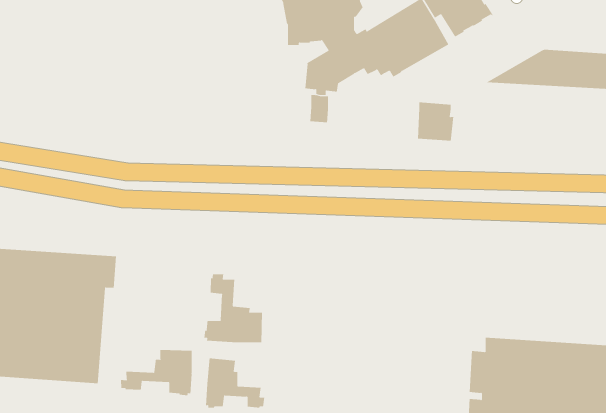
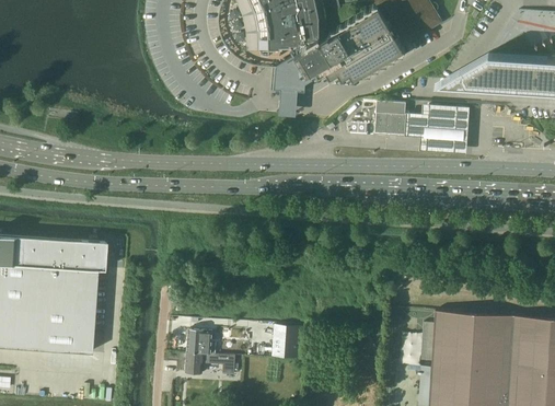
building: none -> [406,106,464,155]
building: [204,273,263,343] -> none
building: [120,349,192,396] -> none
building: none -> [273,326,300,360]

